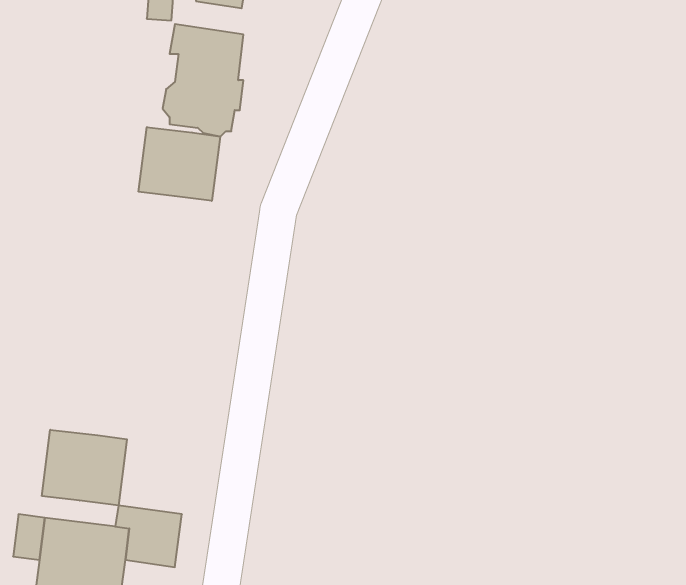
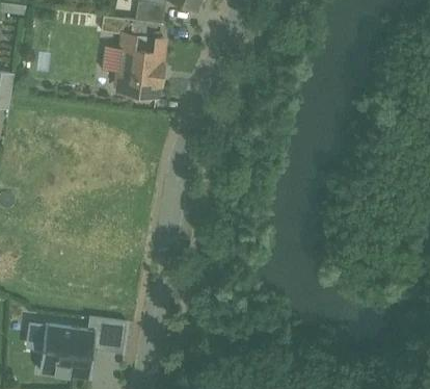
building: [139,127,220,201] -> none
building: [42,430,127,506] -> none

